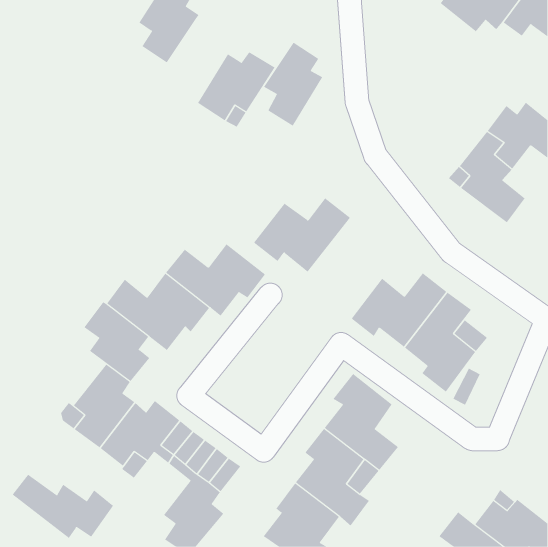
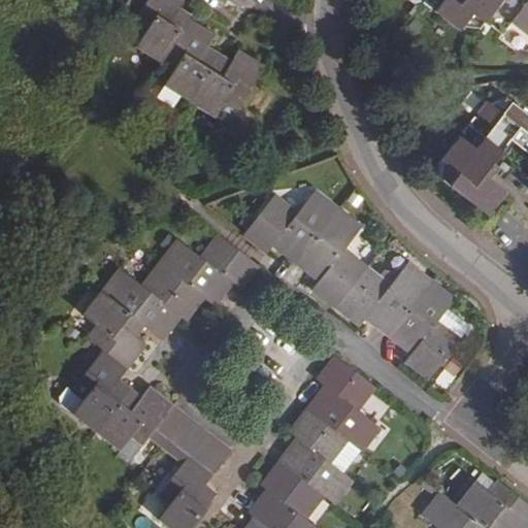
building: [263,42,323,126] -> [161,18,219,99]
building: none -> [296,209,367,306]
building: [12,474,114,539] -> none

